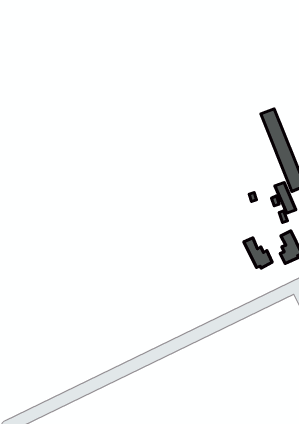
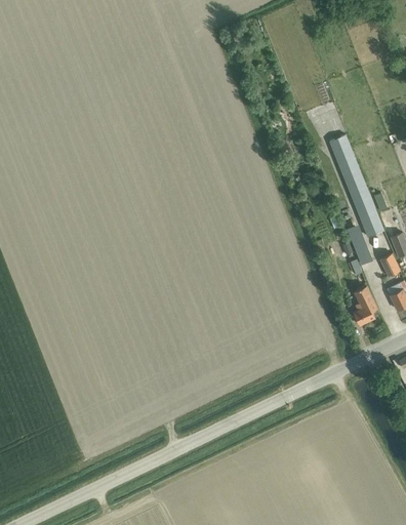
building: [244,238,272,268] -> none

